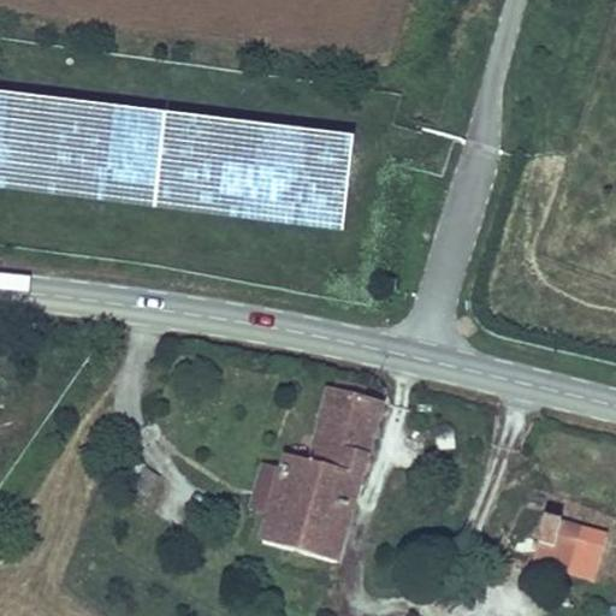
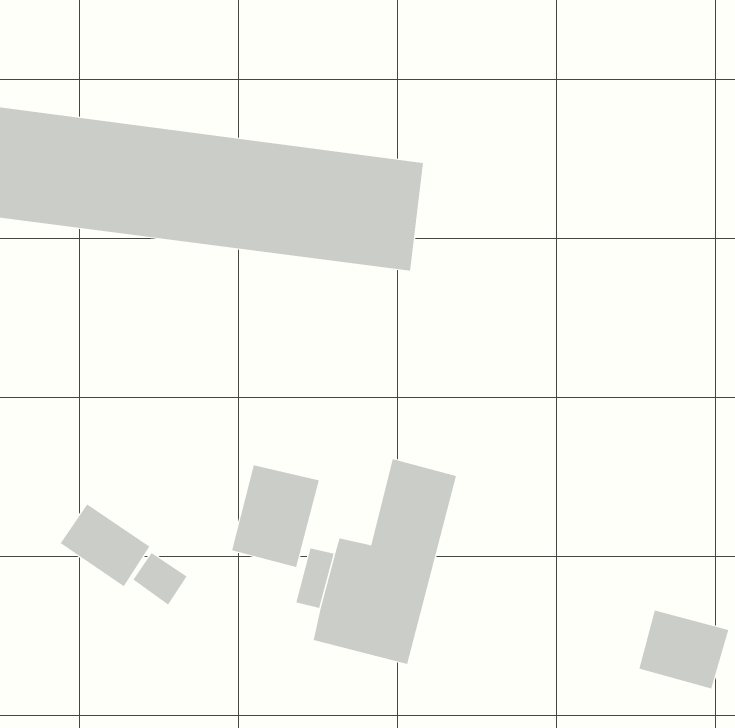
building: none -> [231,464,319,568]
building: none -> [60,504,150,587]

